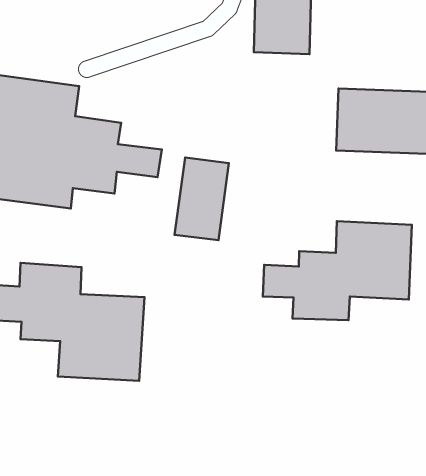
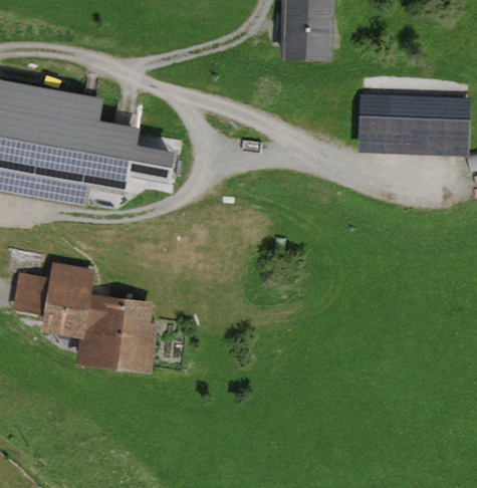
building: [174,158,229,240] -> none
building: [263,221,412,320] -> none

